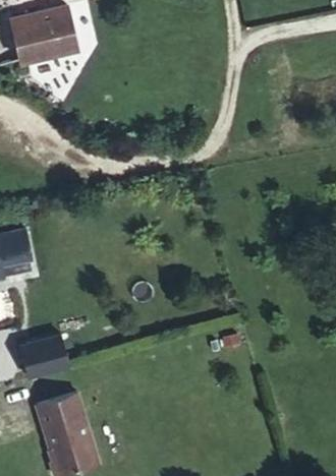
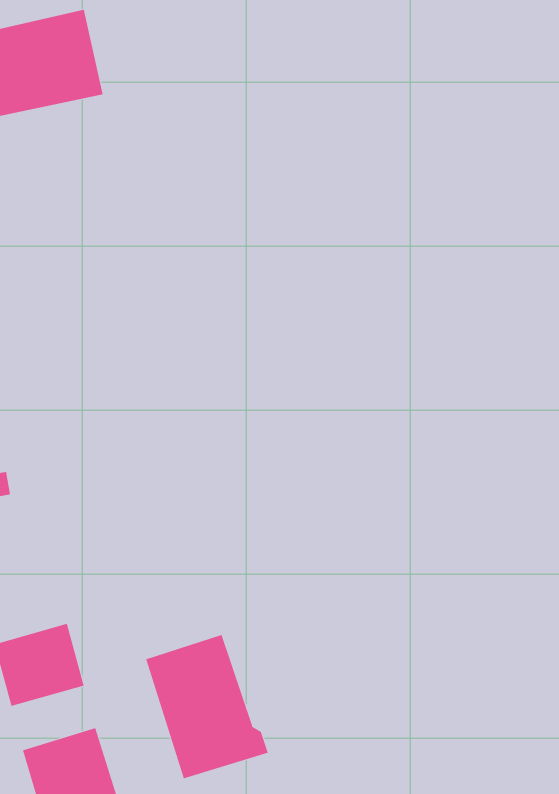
building: none -> [146,634,268,779]

